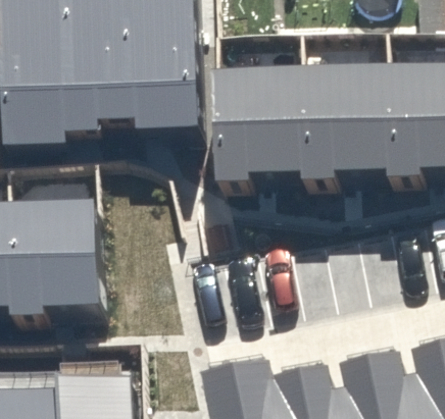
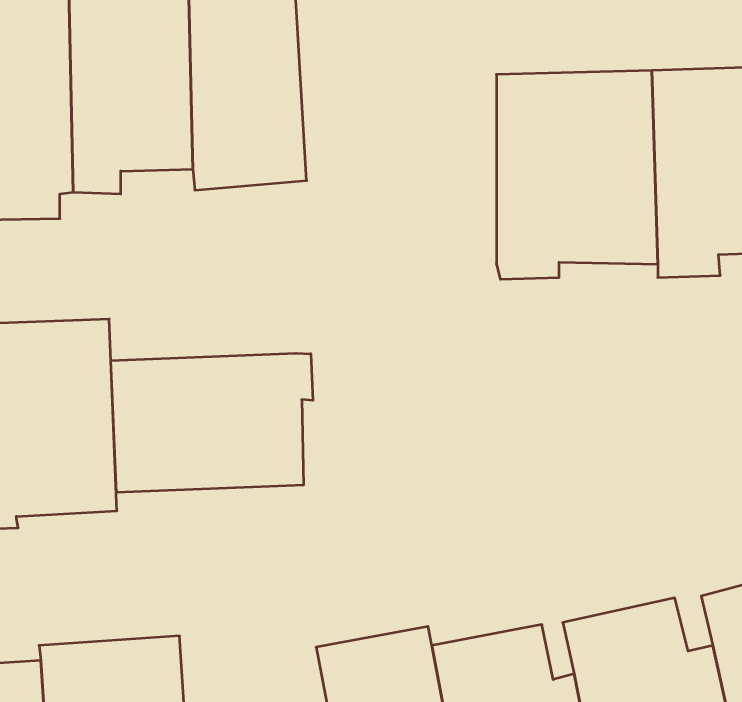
building: [212,66,300,179] -> none
building: none -> [111,353,313,493]

